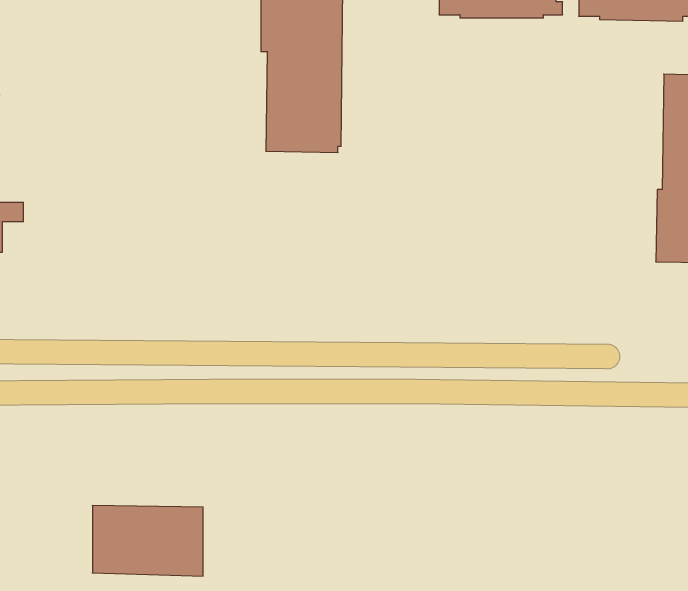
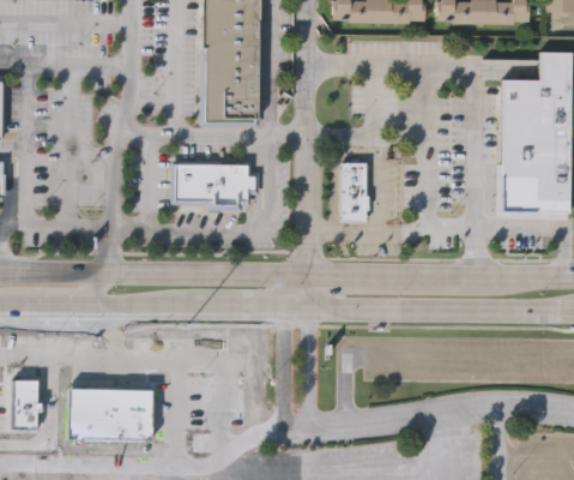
building: none -> [173,157,261,210]
building: none -> [342,161,371,220]
building: none -> [17,380,41,428]

